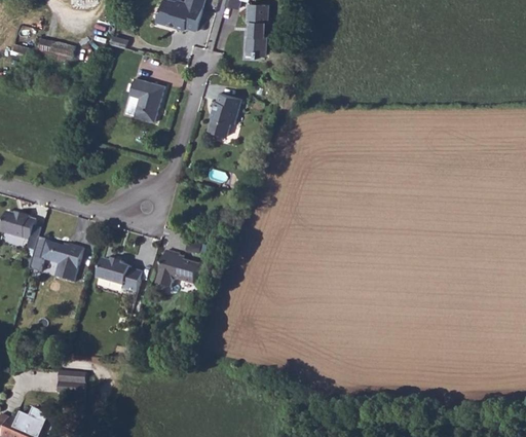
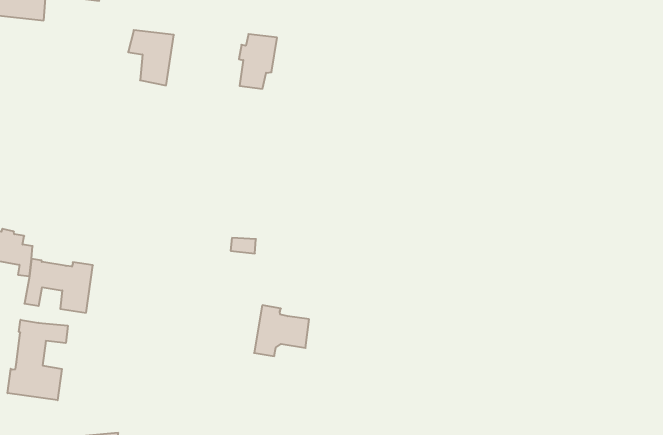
building: [156,249,199,287] -> [254,305,309,356]
building: [98,257,143,292] -> none
building: none -> [8,320,68,400]

